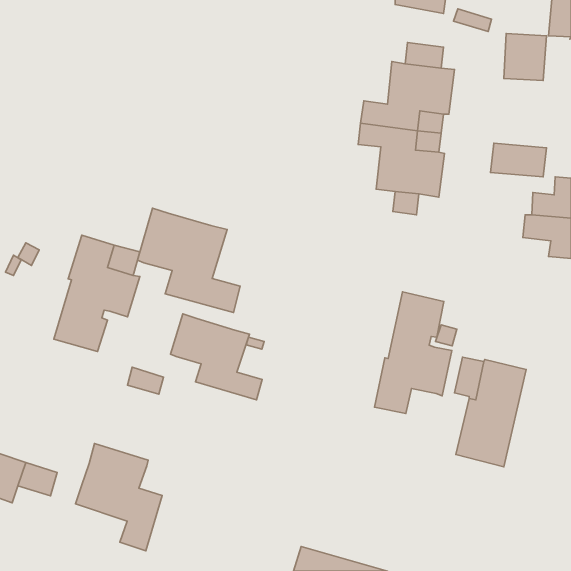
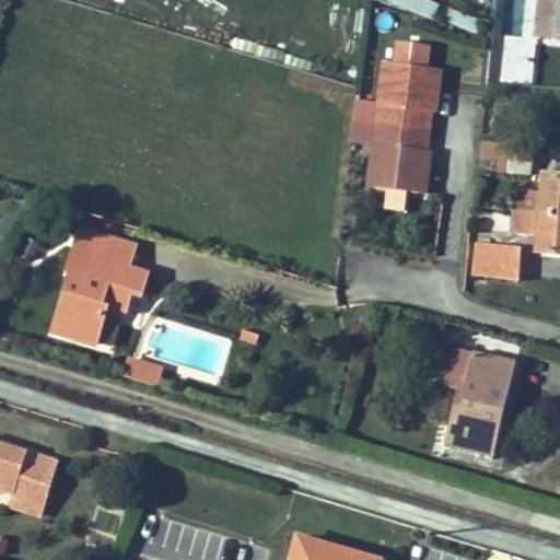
building: [138,208,240,313] -> none
building: none -> [471,242,521,279]
building: [375,292,452,414] -> none
building: [170,314,262,400] -> none
building: [75,444,162,551] -> none
building: none -> [9,475,49,515]

